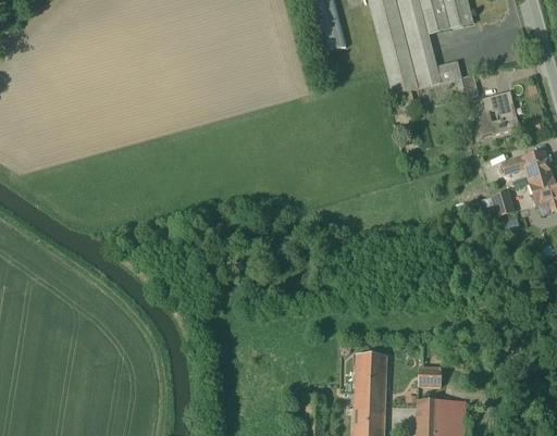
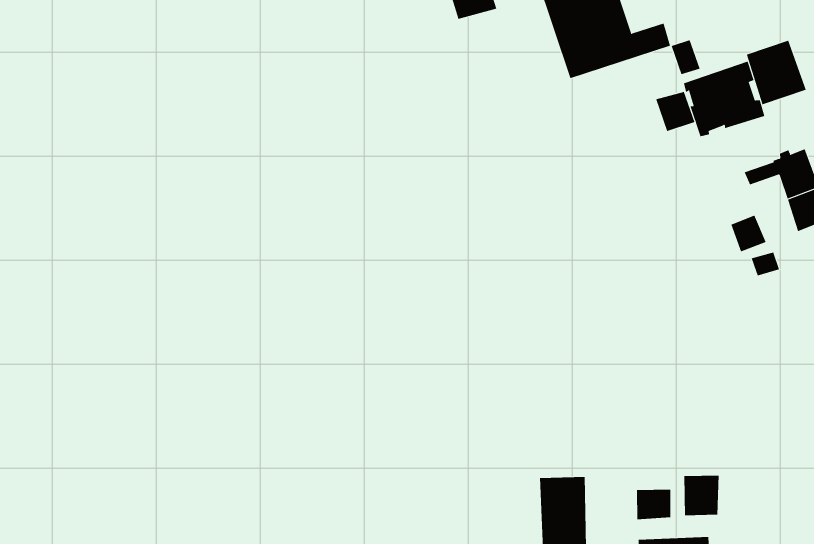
building: none -> [746,40,806,105]
building: none -> [656,91,695,132]
building: none -> [684,475,719,516]

